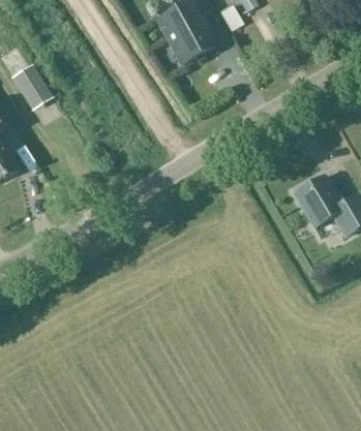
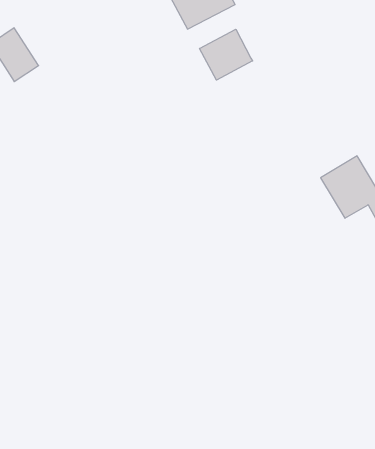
building: none -> [200,29,253,80]

